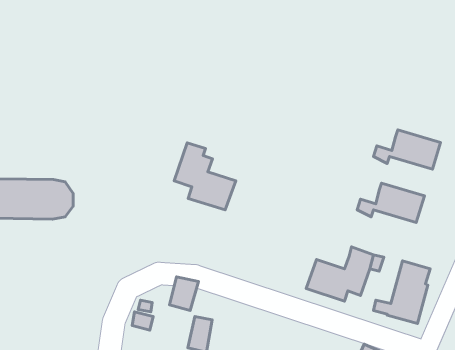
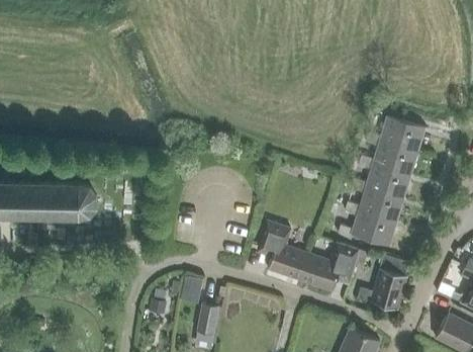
building: none -> [366,116,424,152]
building: [174,143,236,210] -> [256,221,309,279]
building: none -> [352,164,410,198]
building: none -> [338,210,396,245]

